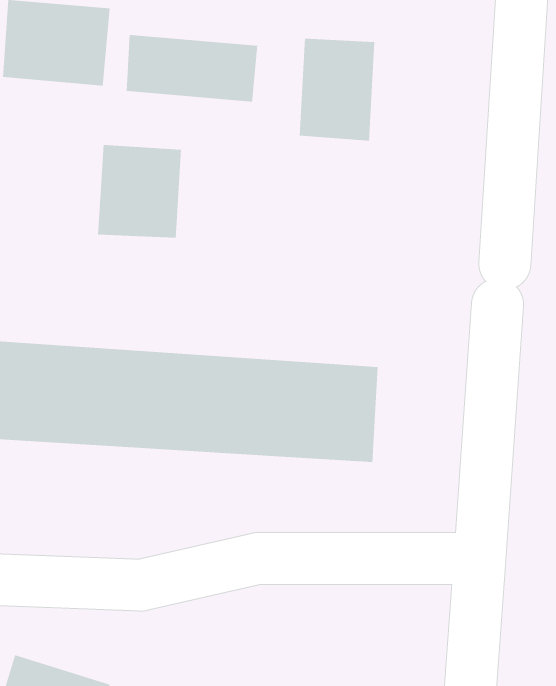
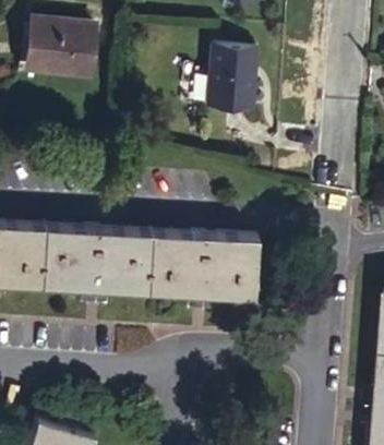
building: [126,34,258,102] -> none
building: [98,144,182,239] -> none

